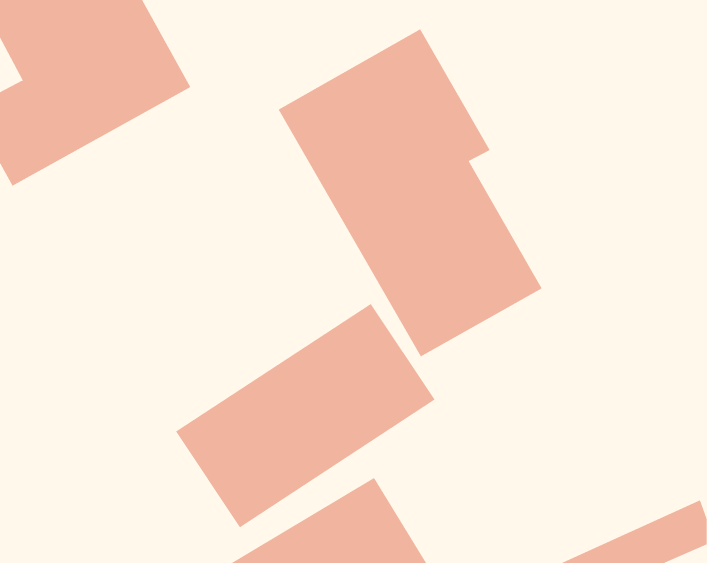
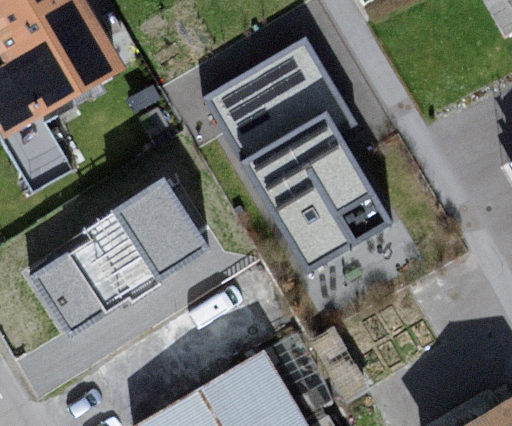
building: [175,303,435,528] -> [21,177,207,338]

